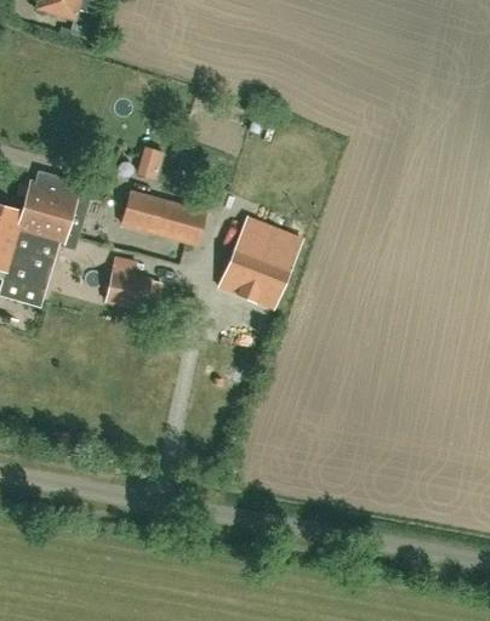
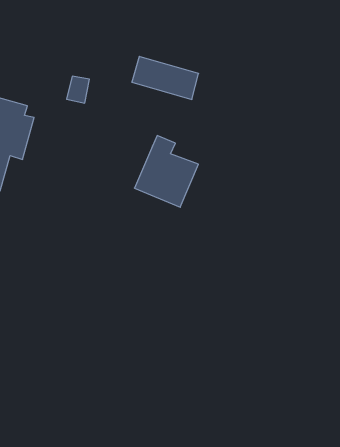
building: [120,189,205,244] -> [132,56,199,99]
building: [104,269,152,309] -> none

